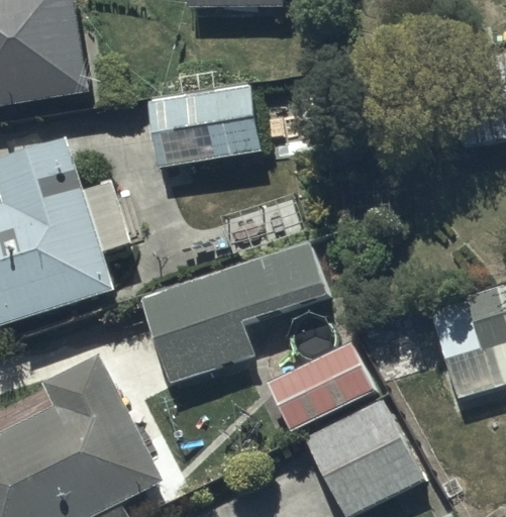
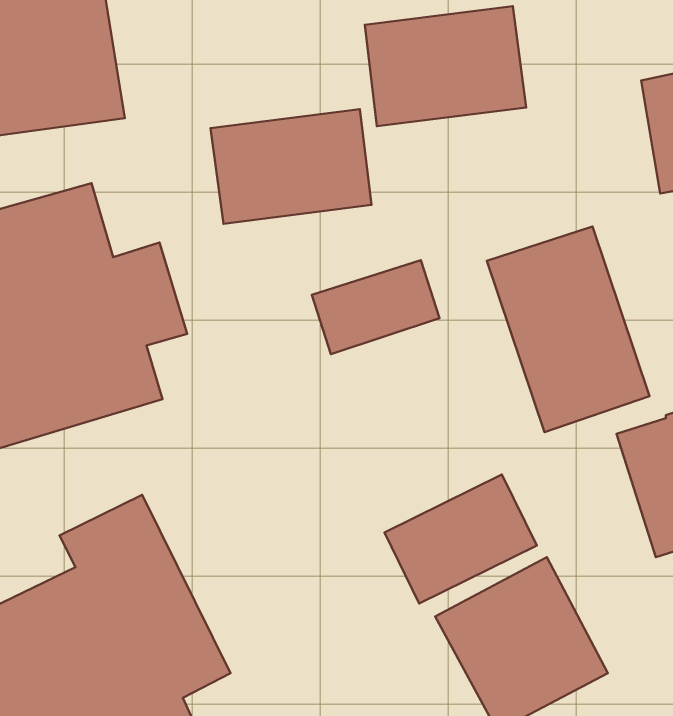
building: none -> [365,6,526,126]
building: none -> [487,227,649,432]
building: [140,242,325,383] -> none

